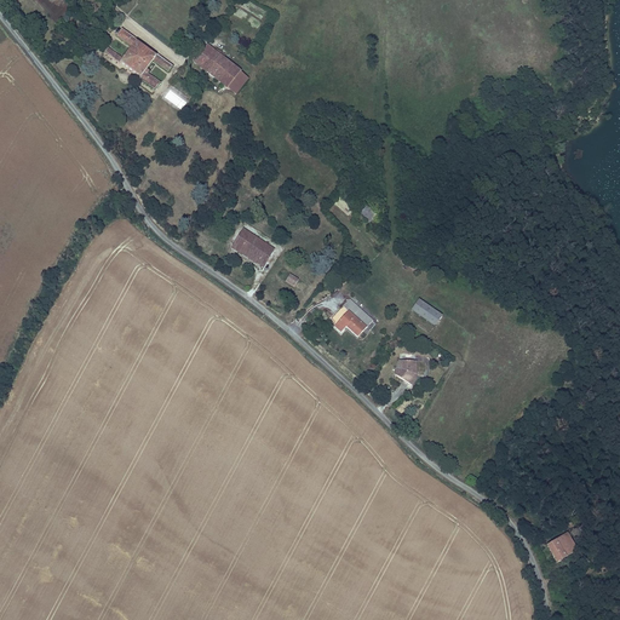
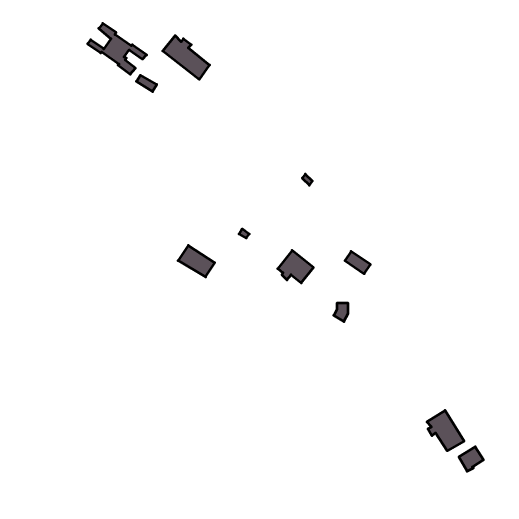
building: [229,228,272,265] -> [178,245,215,277]
building: none -> [427,410,464,451]

